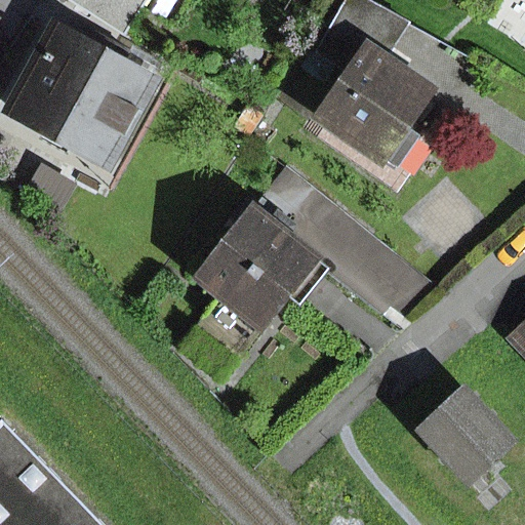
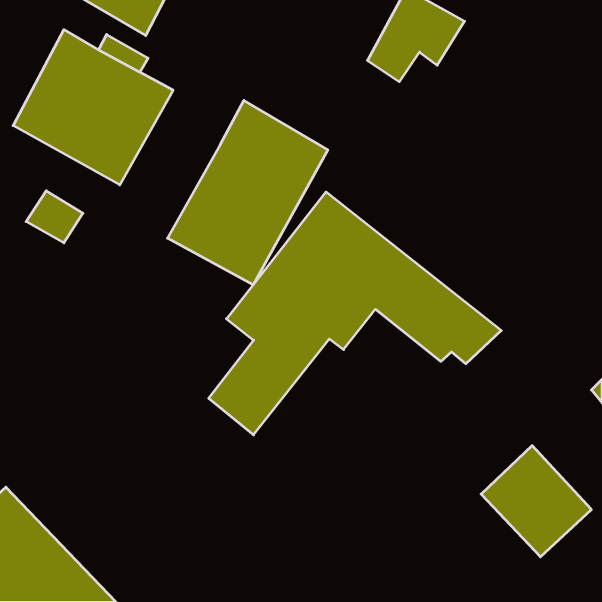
building: [316,45,430,164] -> none
building: none -> [167,100,328,285]

